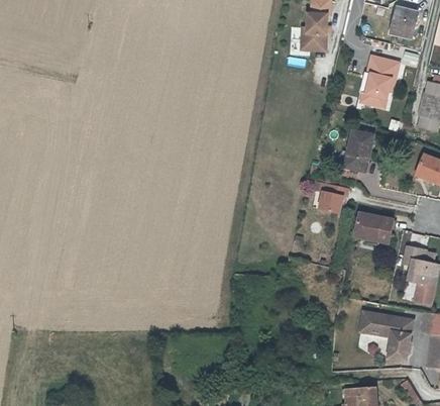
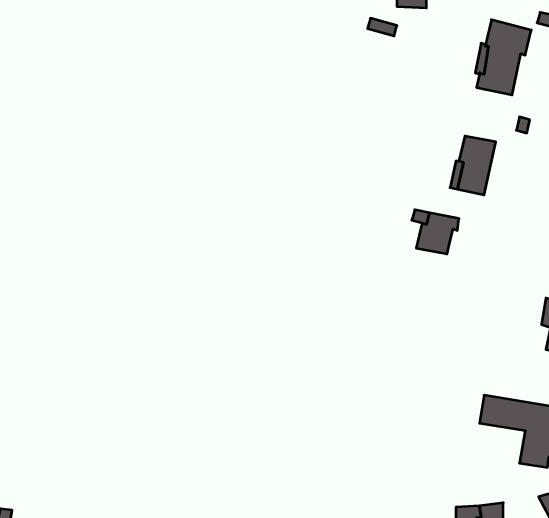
building: [355,214,394,245] -> none

